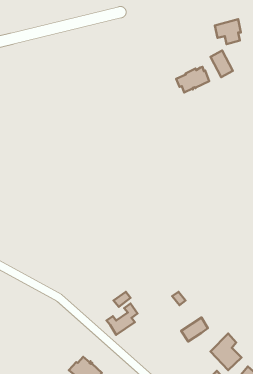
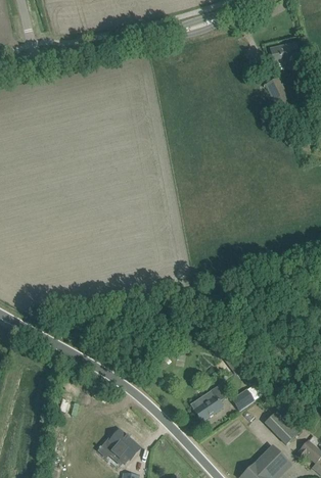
building: [176,67,209,92] -> none
building: [106,304,138,335] -> [189,385,225,421]

